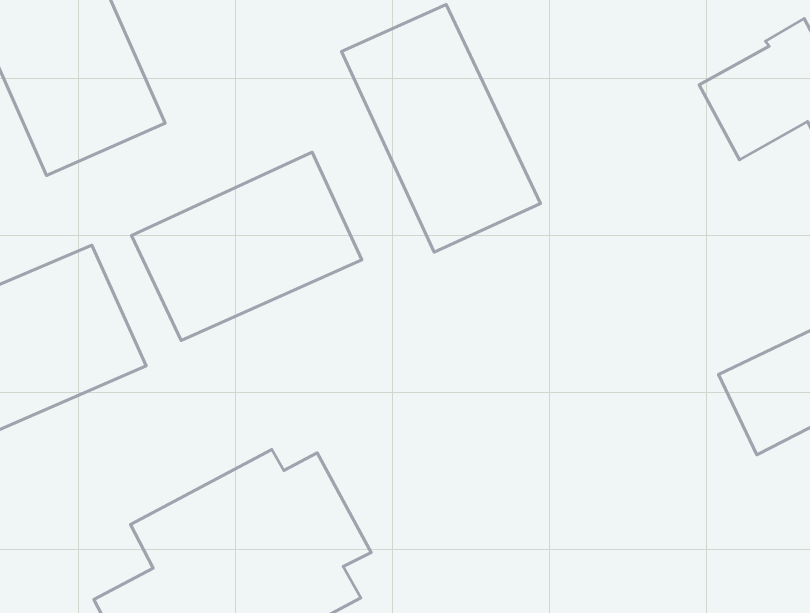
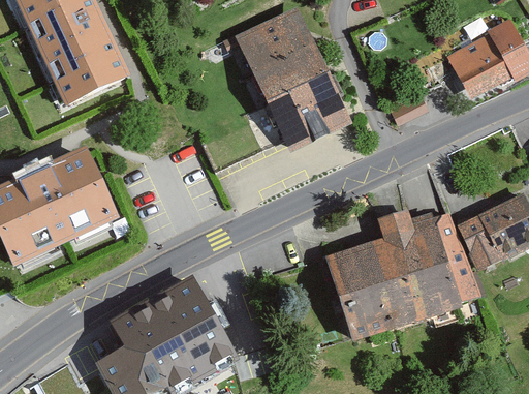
building: [132,152,362,341] -> none
building: none -> [323,208,478,342]

